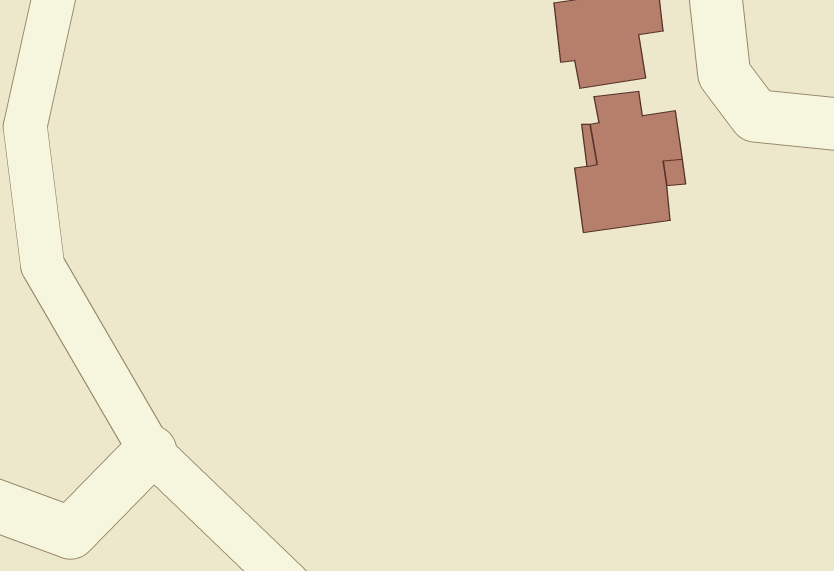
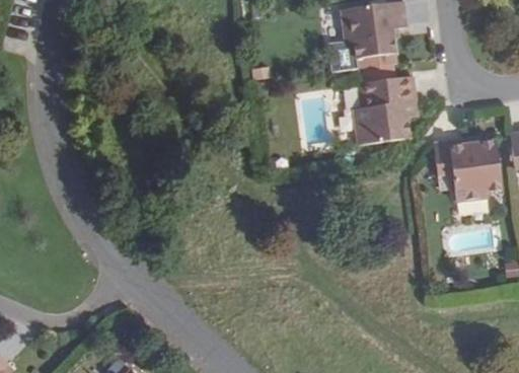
building: none -> [434,142,503,206]

